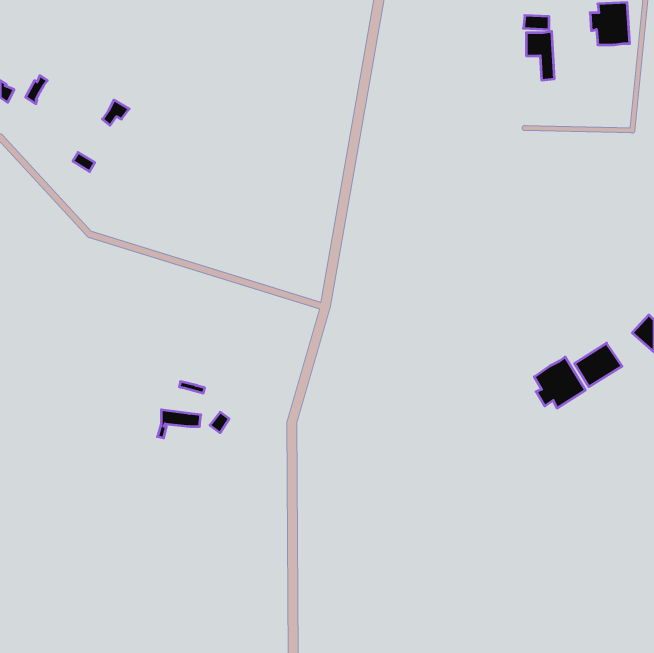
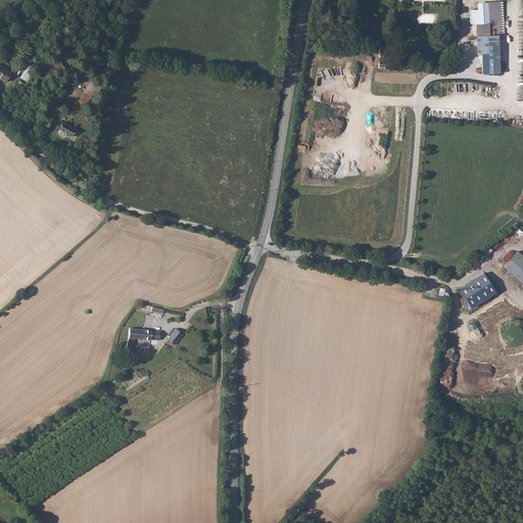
building: [526,31,554,80] -> [477,36,500,75]
building: [534,357,585,408] -> none

